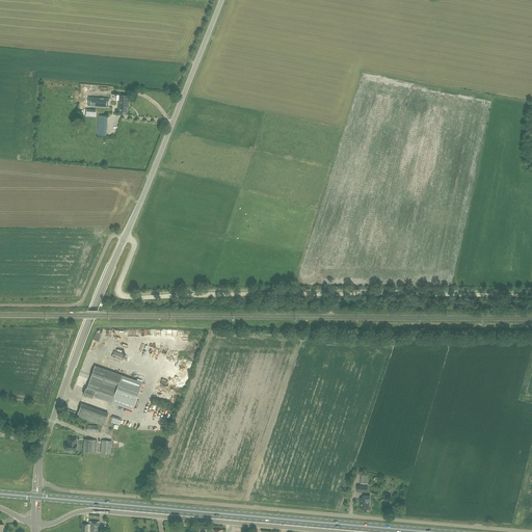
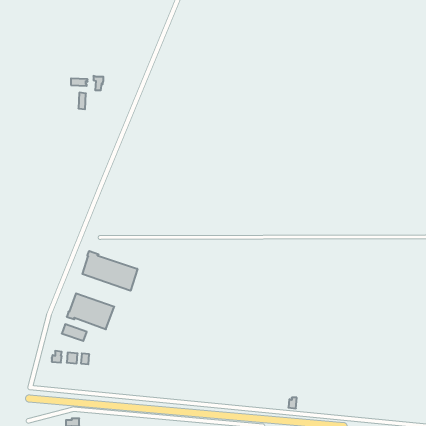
building: none -> [82,251,137,291]

